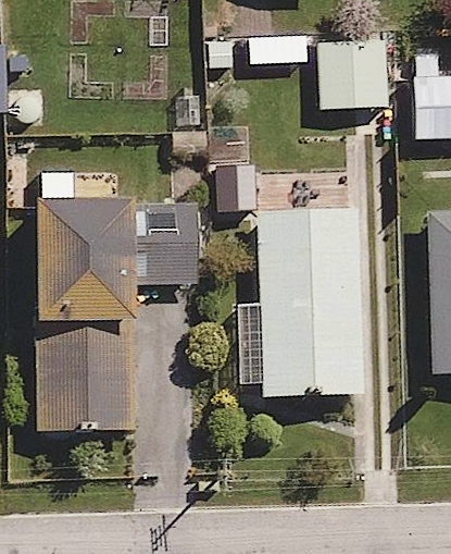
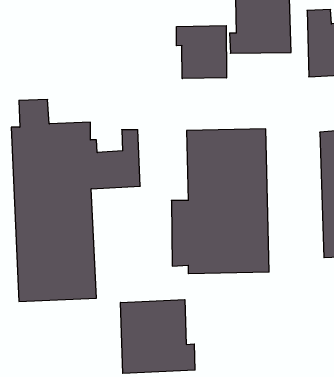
building: none -> [176,26,226,79]
building: none -> [121,300,195,373]

